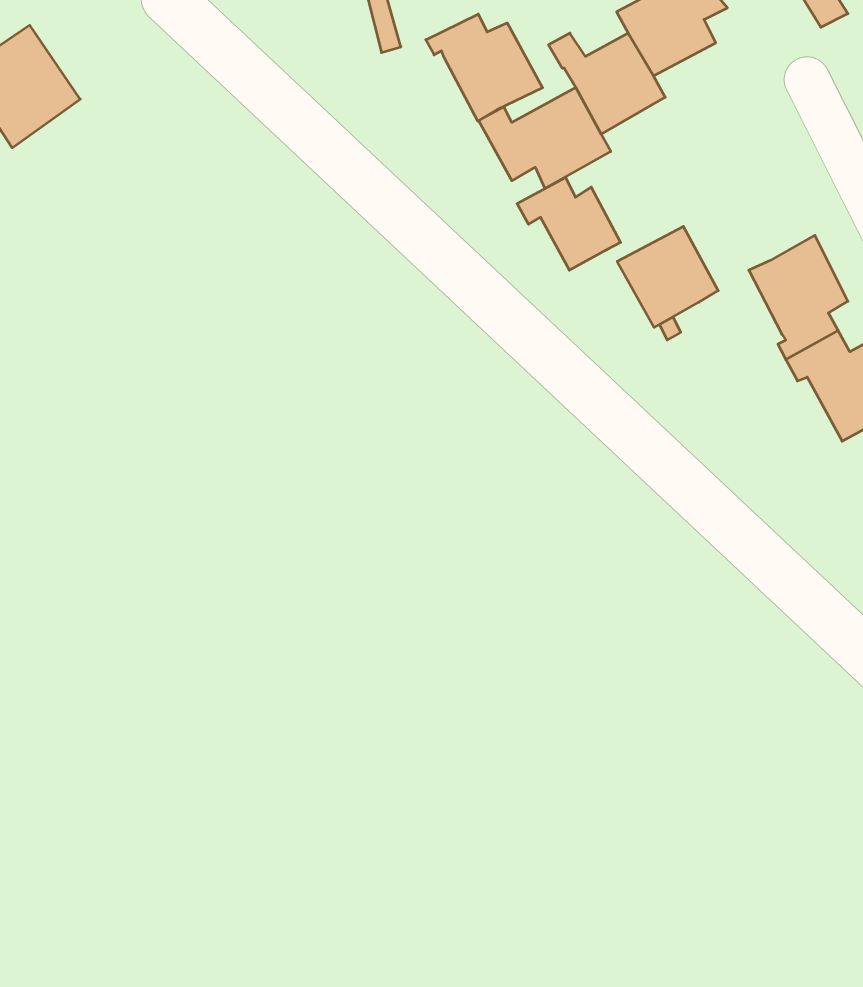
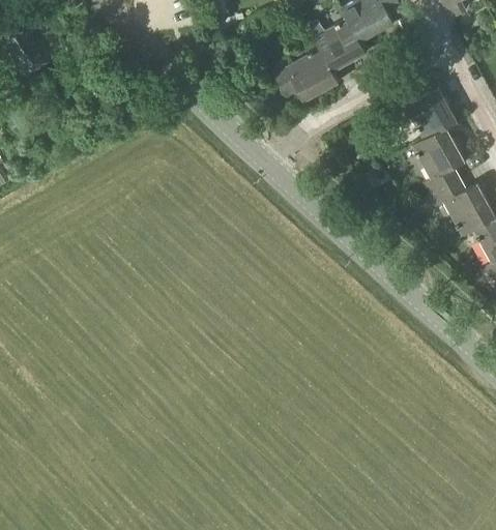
building: [426,14,543,121] -> none
building: [517,177,621,270] -> none
building: [617,226,718,327] -> [404,87,458,141]

